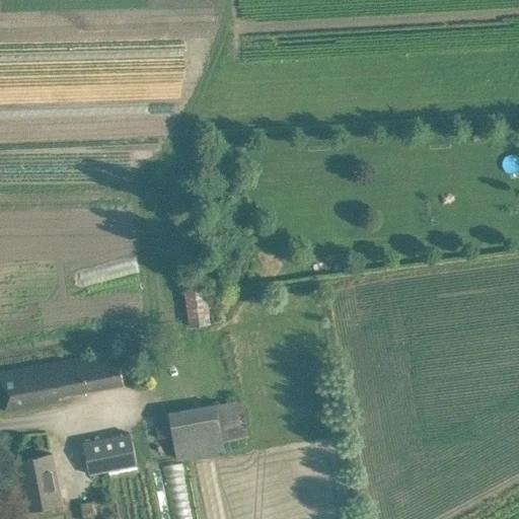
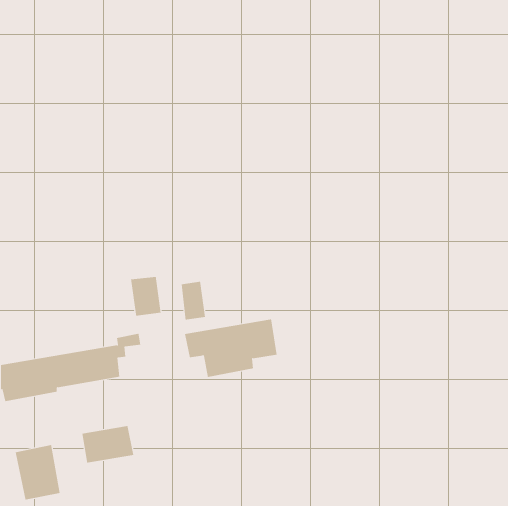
building: none -> [131,276,161,317]
building: [153,401,248,461] -> [184,319,278,378]

